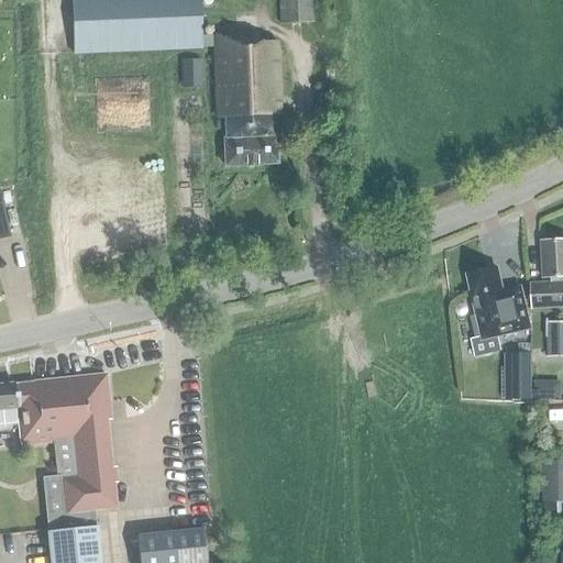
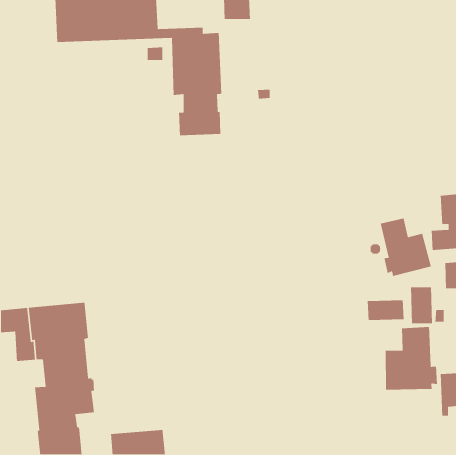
building: none -> [367,300,404,321]
building: none -> [385,326,438,390]

